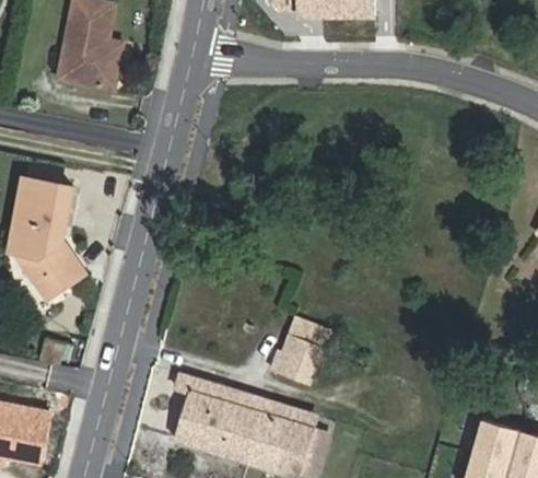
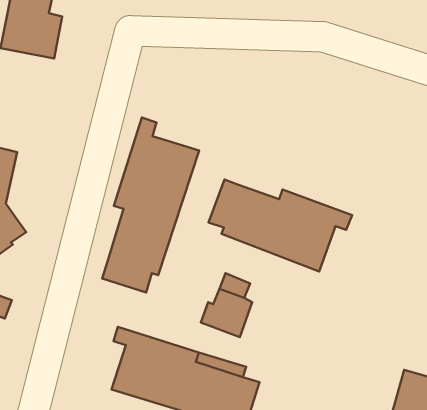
building: none -> [102,117,199,292]
building: none -> [209,179,352,272]

